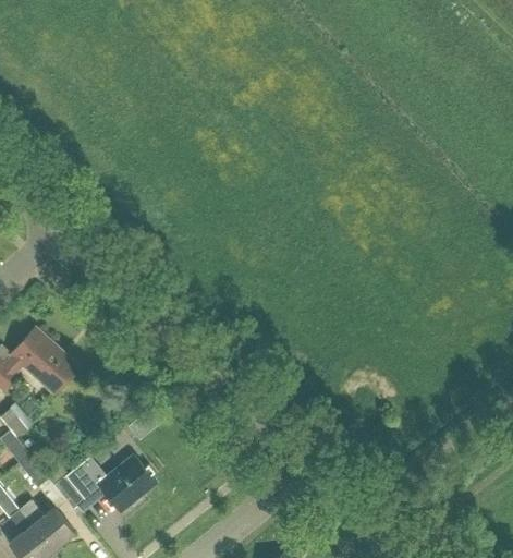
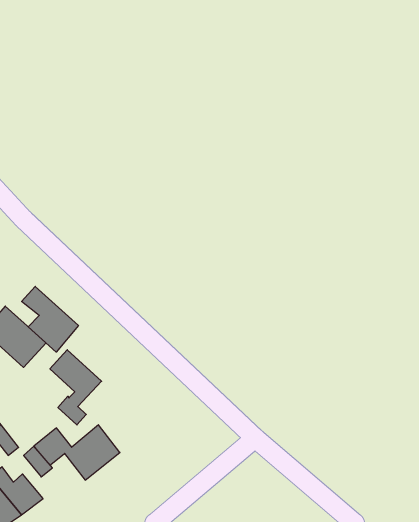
building: none -> [22,286,78,352]
building: none -> [50,350,102,425]

